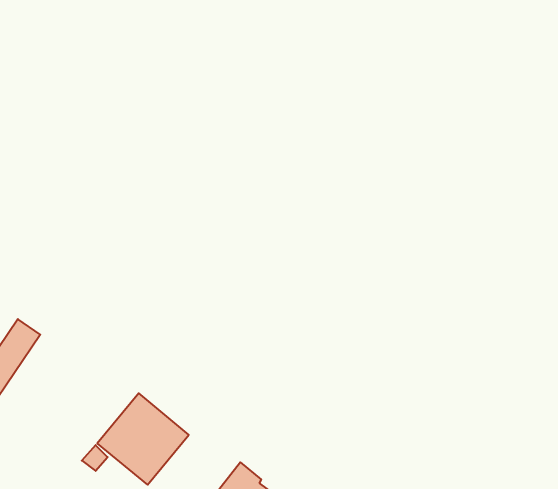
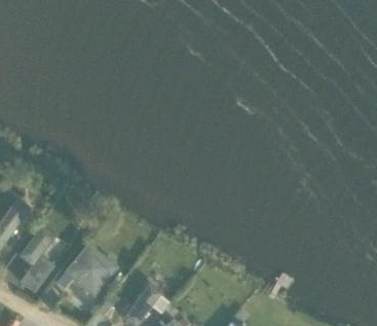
building: none -> [20,225,55,292]

